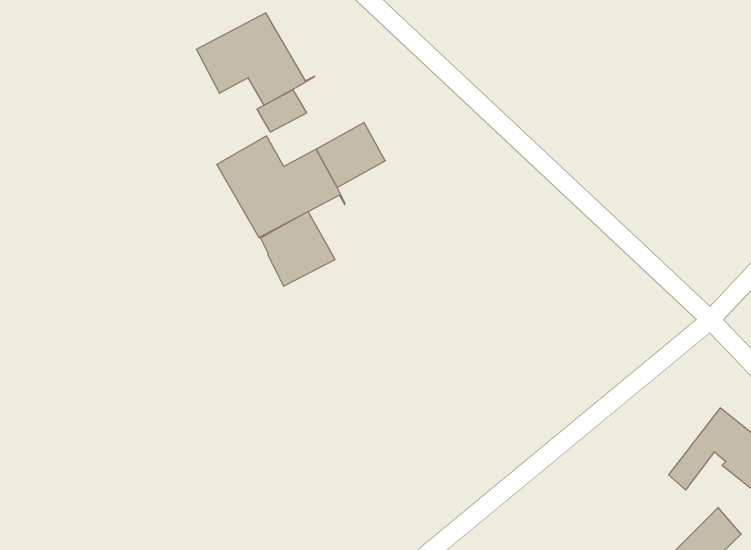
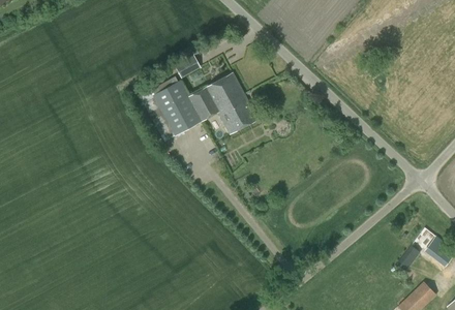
building: [196,13,314,105] -> none
building: [260,211,335,286] -> [217,93,257,133]

